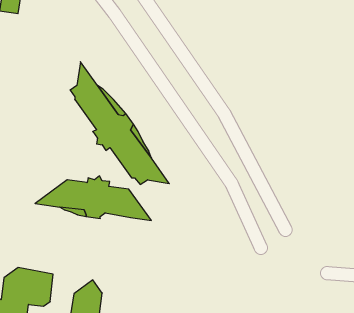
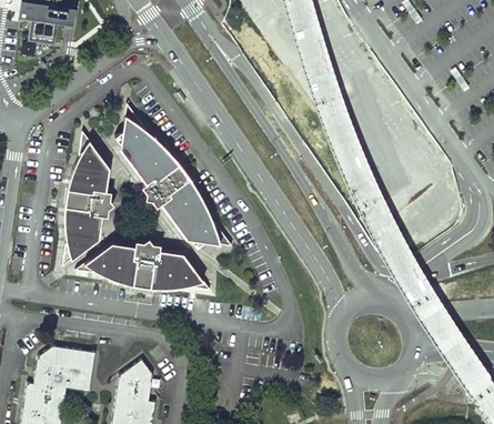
building: none -> [62,132,113,267]

